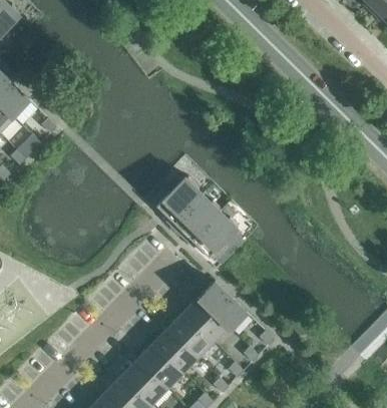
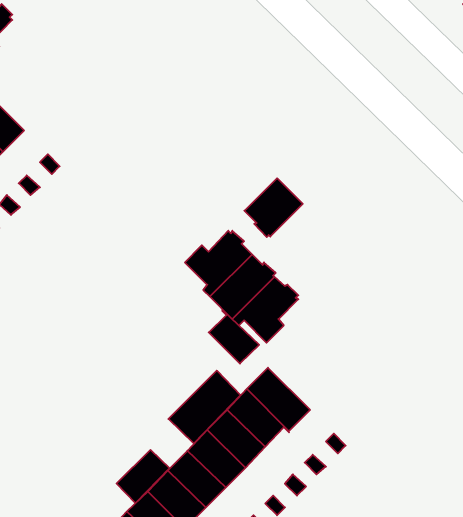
building: none -> [244,178,303,237]
building: none -> [209,311,259,364]
building: none -> [168,371,241,443]
building: none -> [117,450,169,503]

